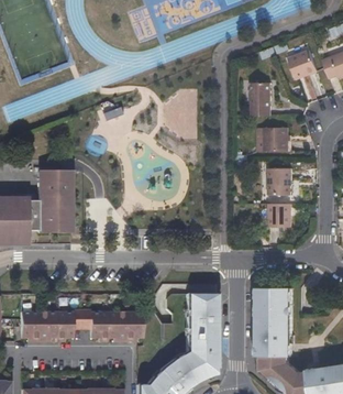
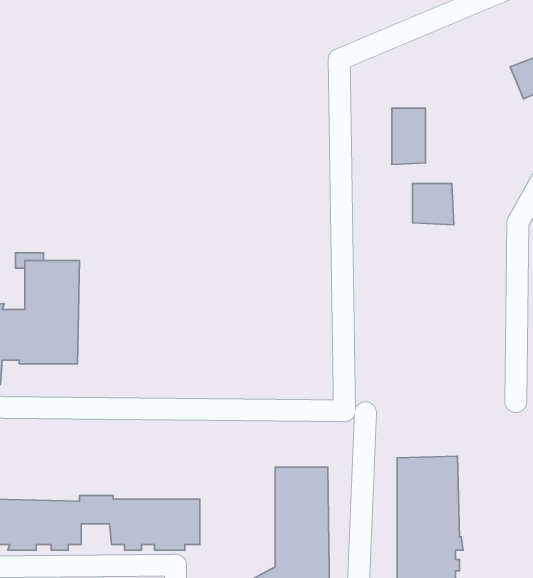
building: [289,50,319,79] -> none
building: [269,169,290,195] -> none
building: [270,203,292,227] -> none

